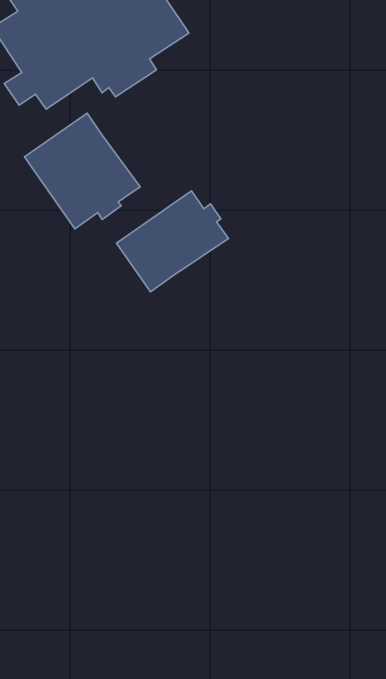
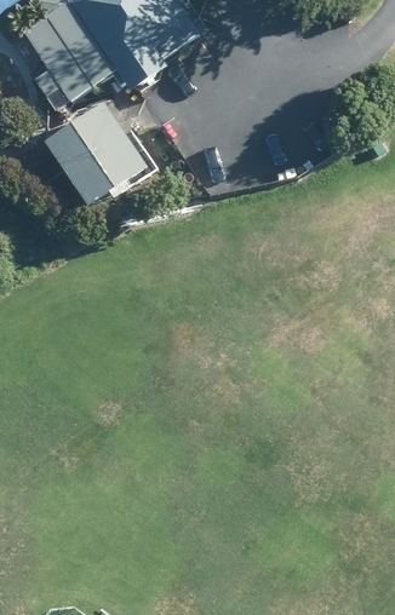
building: [116,191,228,292] -> none

